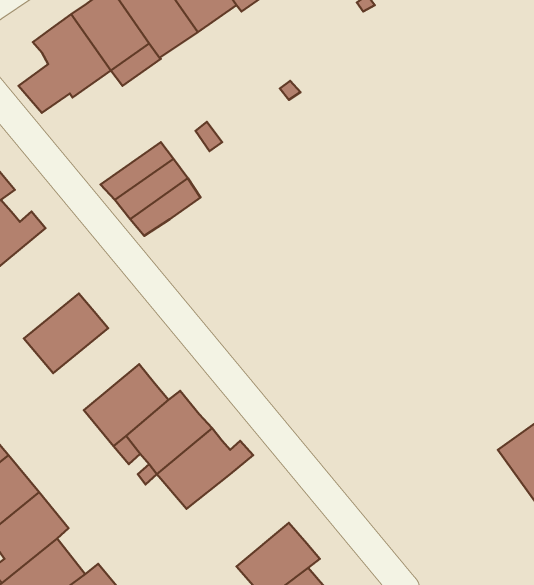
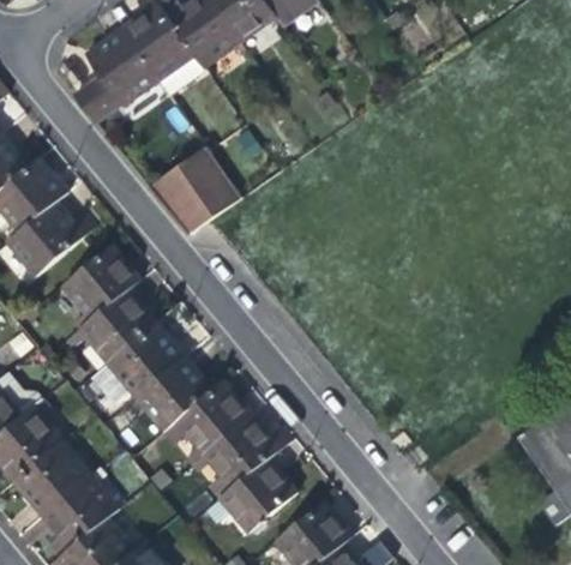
building: none -> [59,245,139,320]
building: none -> [103,320,184,397]
building: none -> [217,457,297,534]

